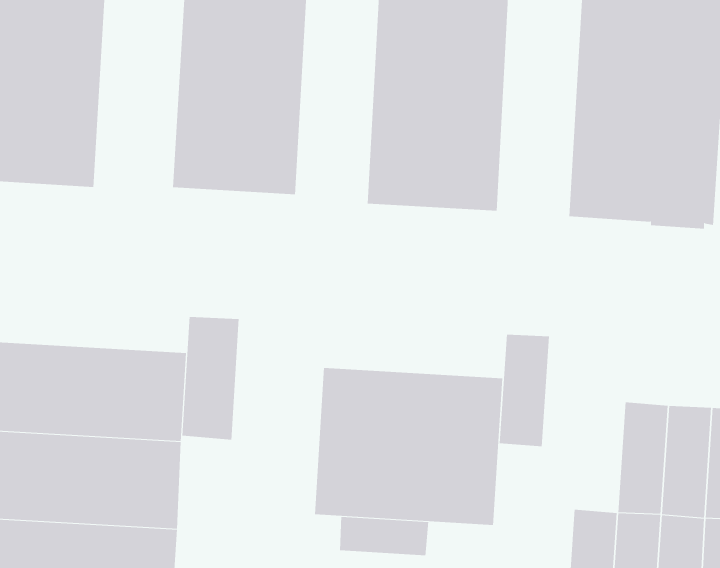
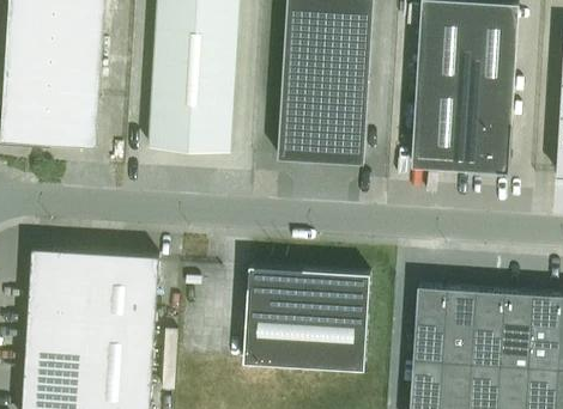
building: [182,316,239,440] -> none
building: [499,334,550,447] -> [413,288,447,362]
building: [340,516,429,556] -> none

